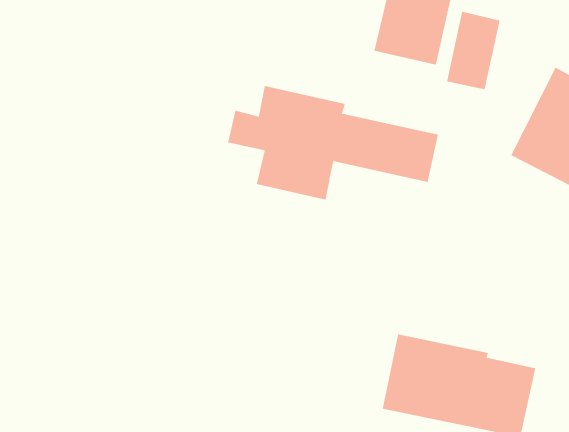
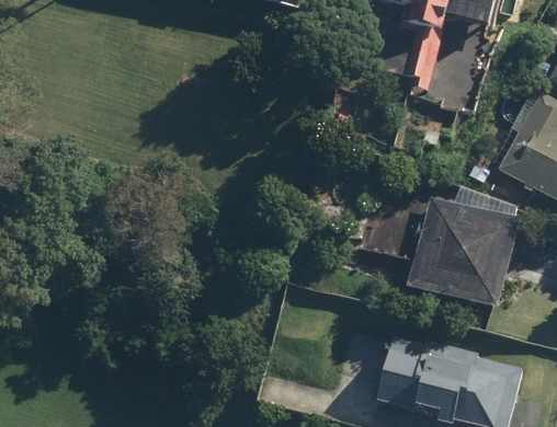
building: [227,85,439,201] -> none
building: none -> [410,194,523,307]

